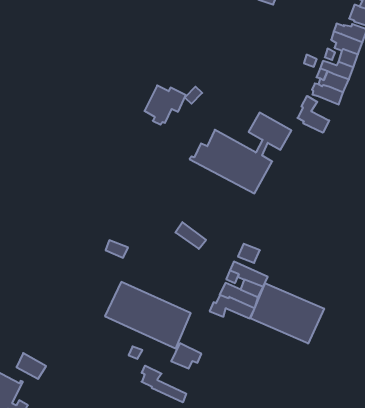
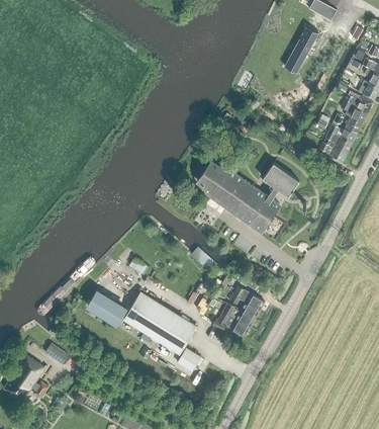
building: [144,85,186,125] -> [198,162,234,195]
building: [297,96,329,133] -> none
building: [251,283,324,344] -> none
building: none -> [88,291,124,324]
building: [141,366,186,402] -> none

